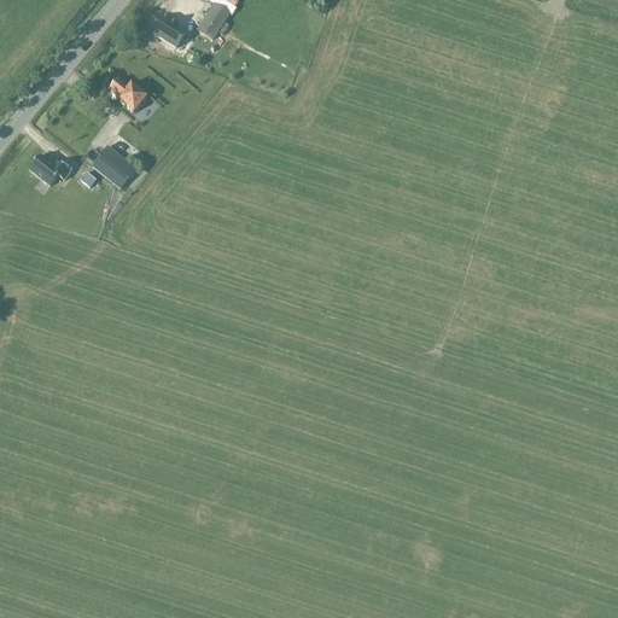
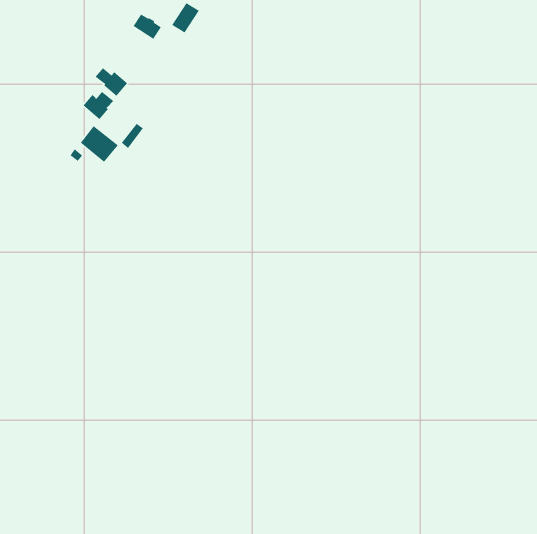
building: none -> [82,91,114,120]
building: [29,153,70,185] -> none

